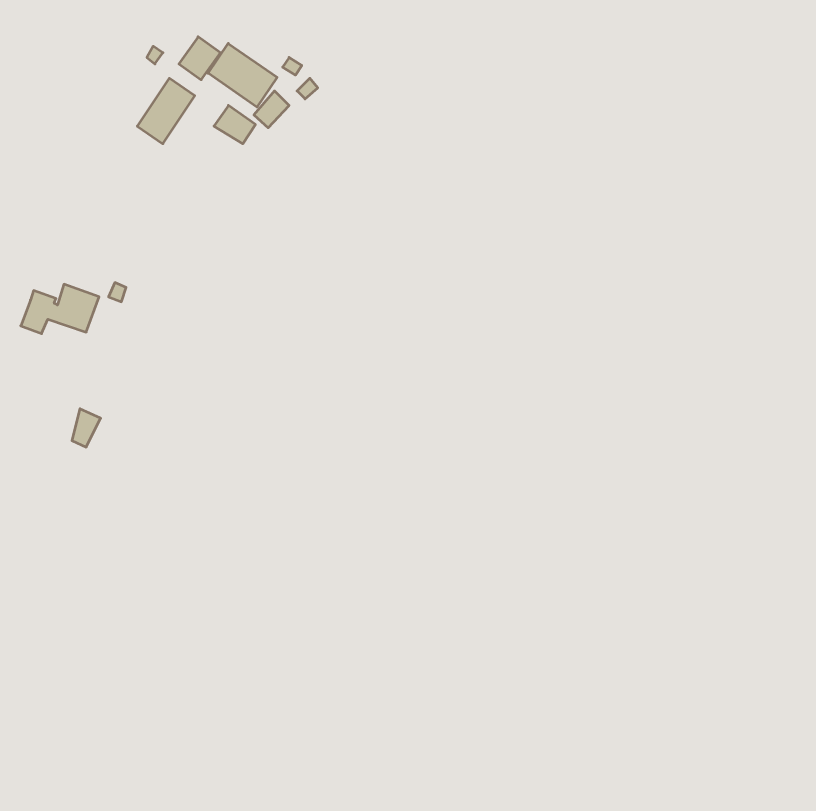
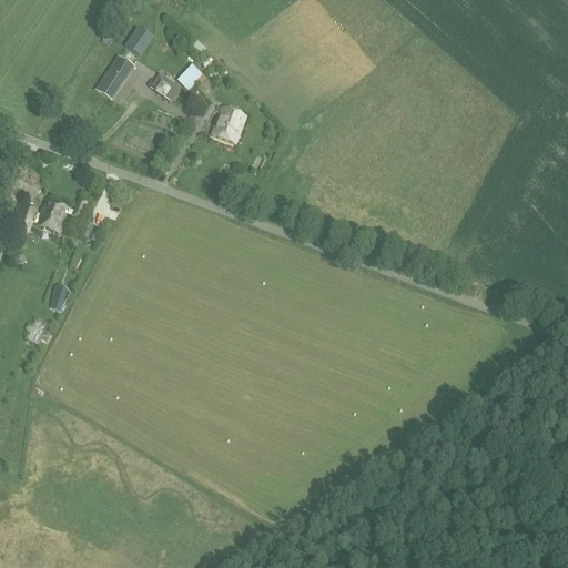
building: [208,43,277,107] -> none
building: none -> [212,105,245,142]

